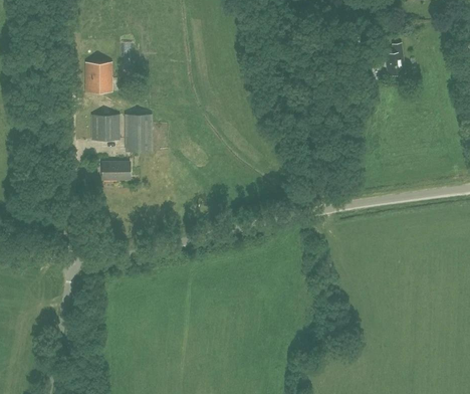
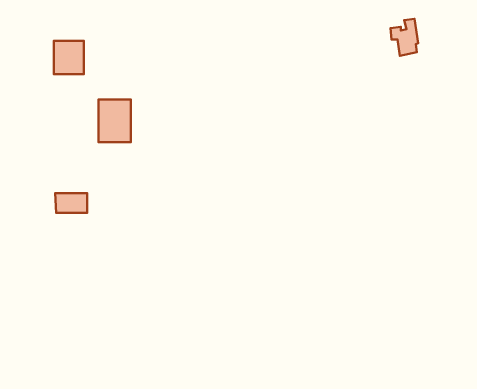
building: [91,115,120,140] -> none
building: [101,162,130,179] -> [55,193,87,213]

